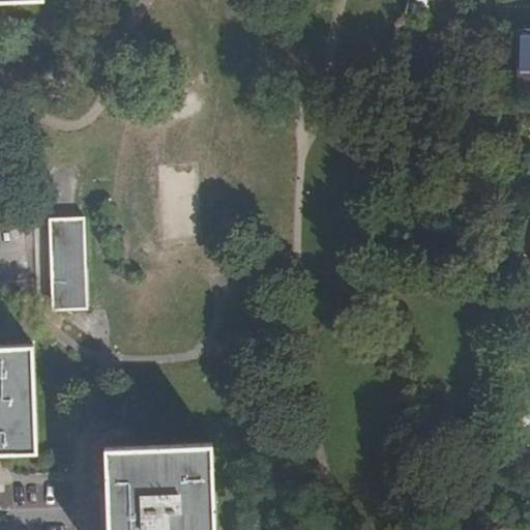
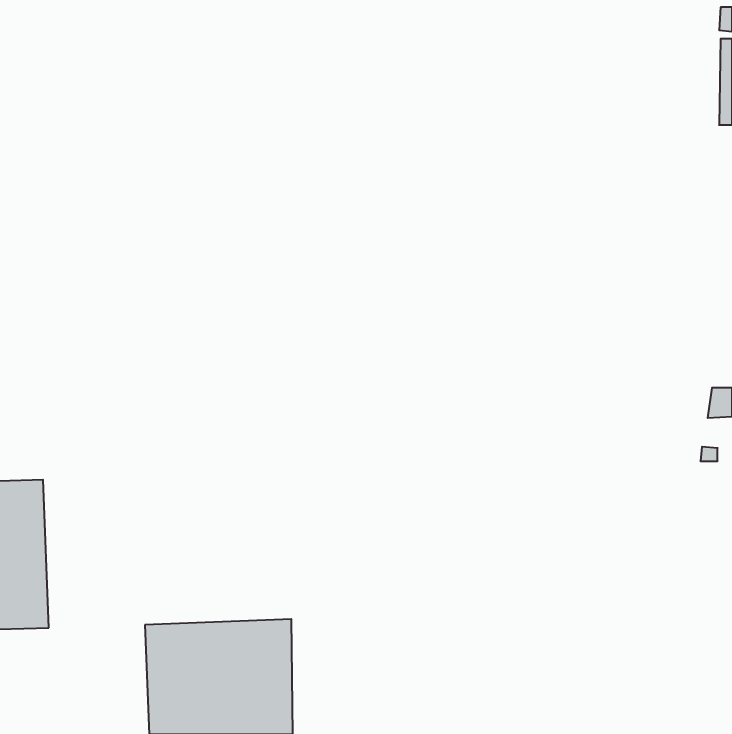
building: [49,220,86,311] -> none

